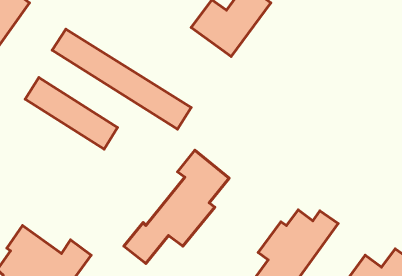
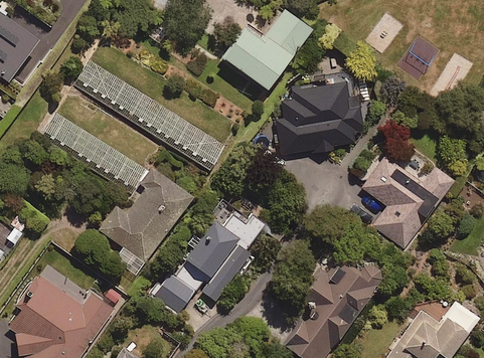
building: none -> [277,83,363,155]
building: none -> [360,152,451,249]
building: none -> [99,169,193,273]

